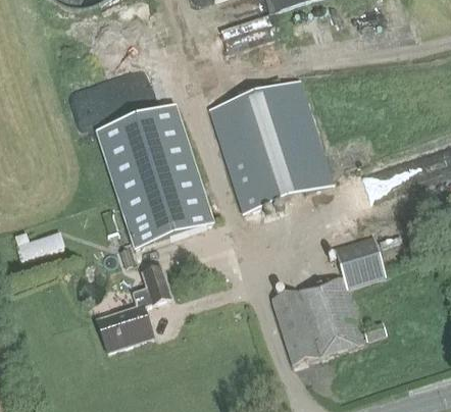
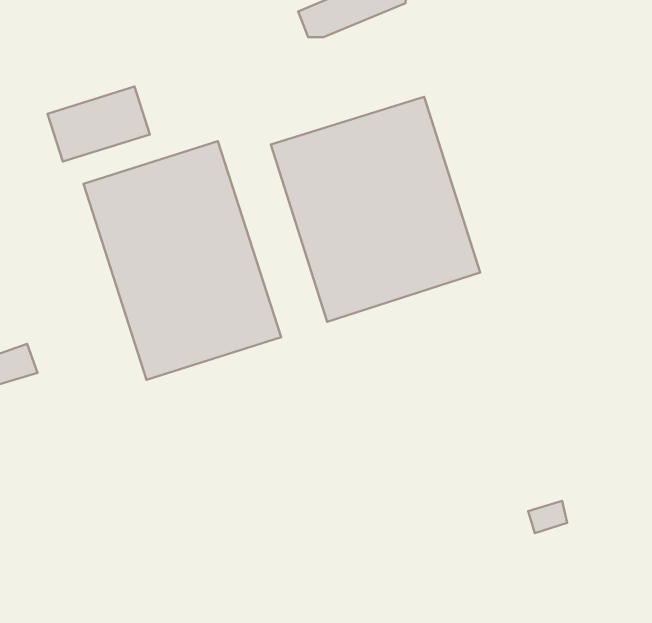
building: [270,233,385,361] -> none
building: [96,263,169,349] -> none

